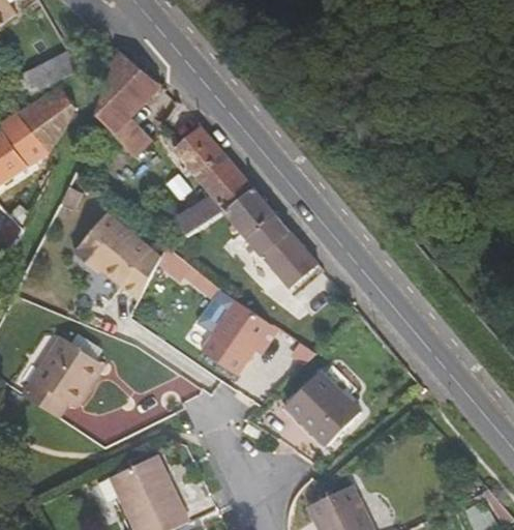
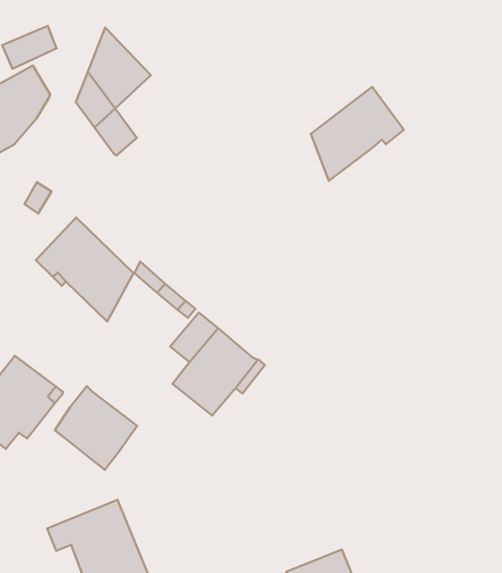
building: none -> [311,87,404,181]
building: [158,125,318,288] -> none
building: none -> [55,386,137,470]
building: [286,372,359,445] -> none

